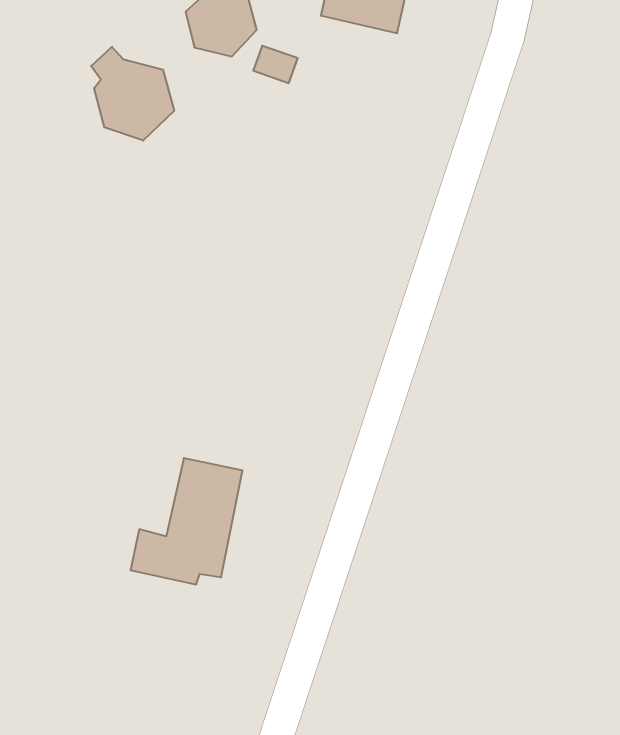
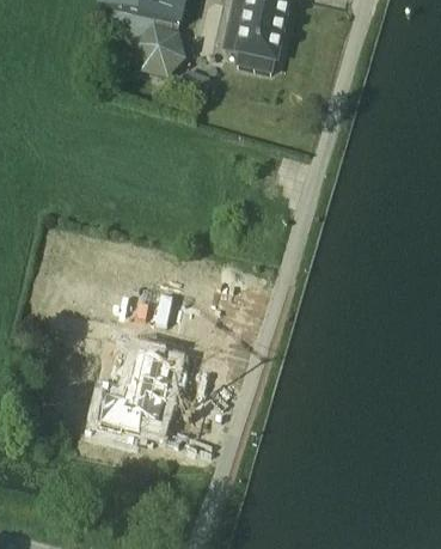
building: [91,47,174,141] -> none

